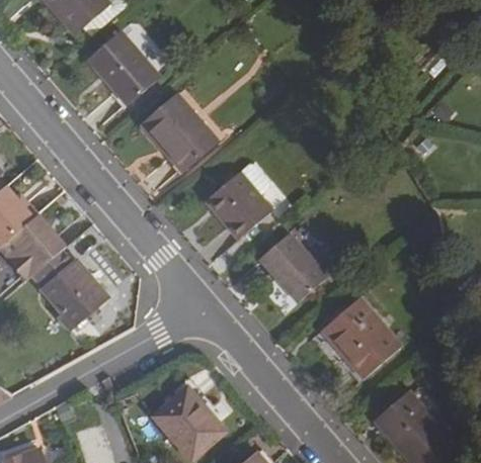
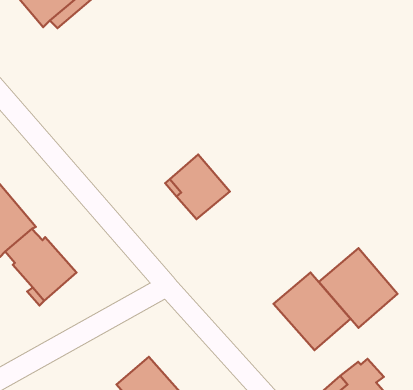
building: [86,30,159,105] -> none
building: [143,95,218,172] -> none
building: [257,232,327,303] -> none
building: none -> [319,248,397,328]

